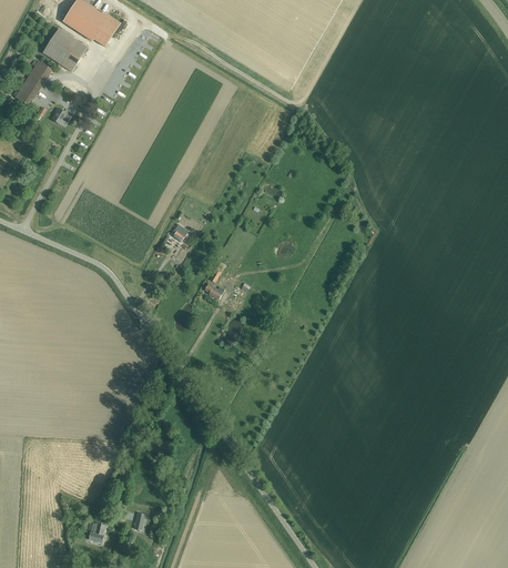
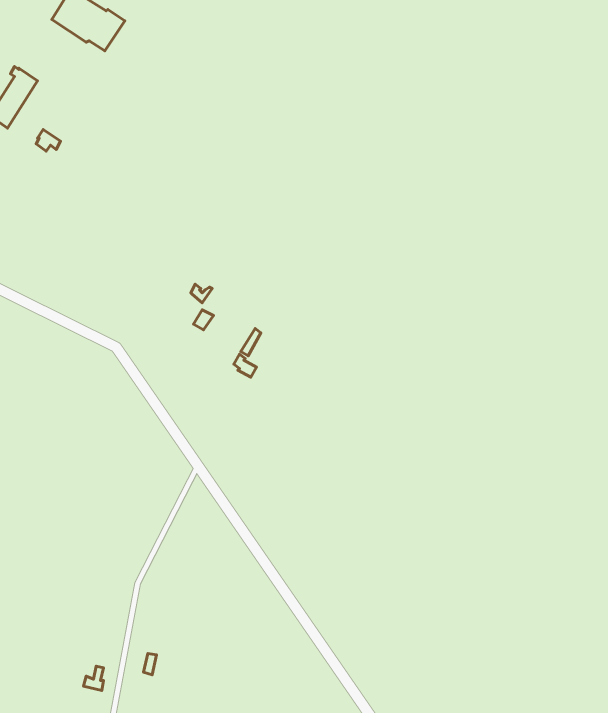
building: [42,28,85,70] -> none

